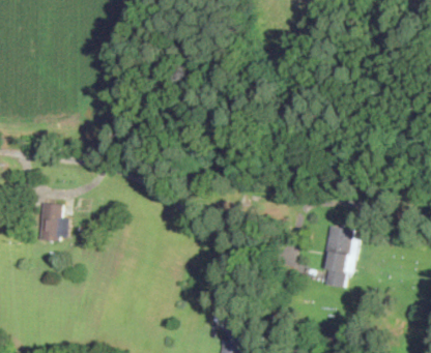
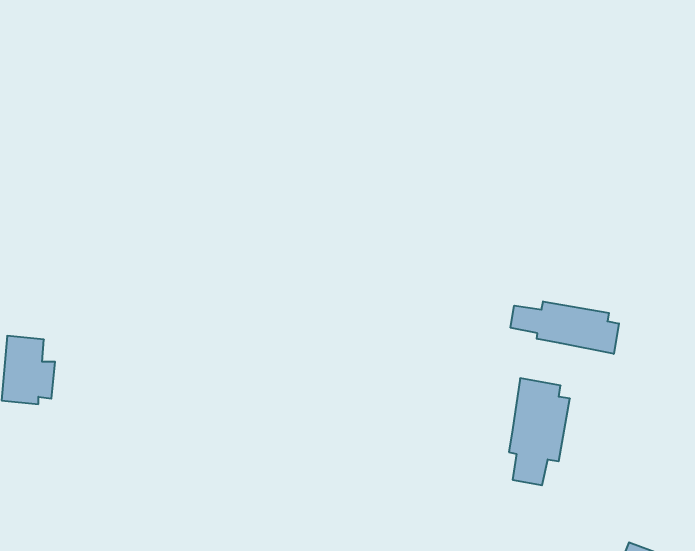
building: none -> [511,301,619,354]

